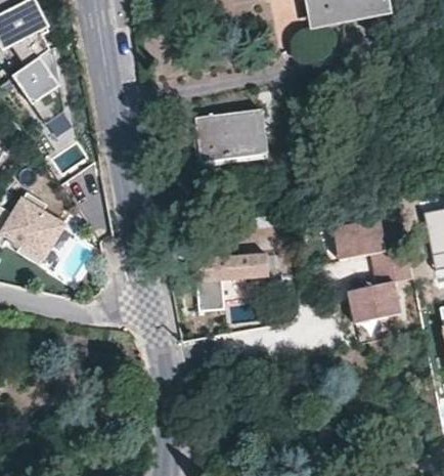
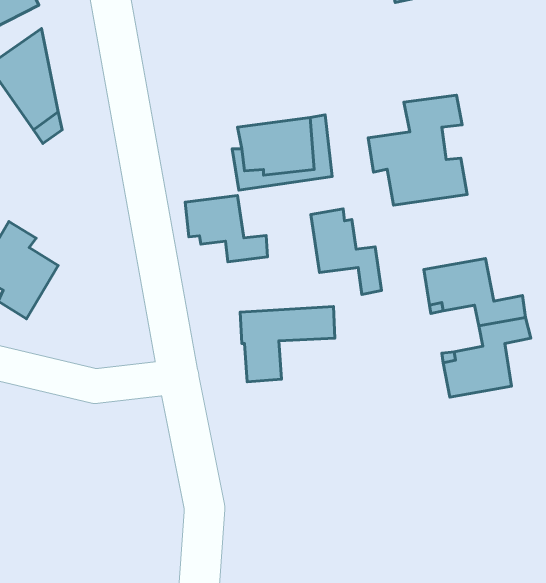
building: none -> [368,95,467,205]
building: none -> [185,195,268,262]
building: none -> [311,209,382,295]

